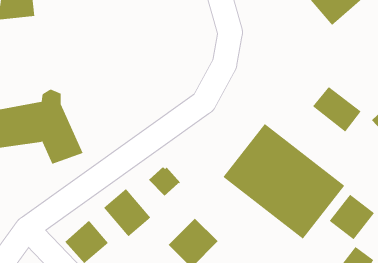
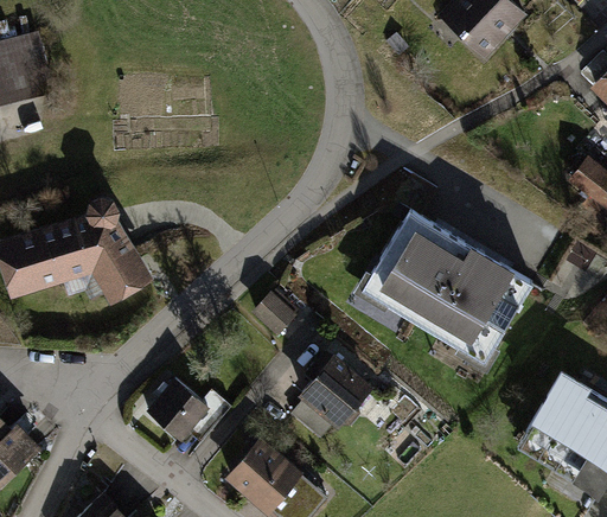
building: [312,86,362,132] -> none
building: [103,188,151,237] -> none
building: [329,194,375,240] -> none

